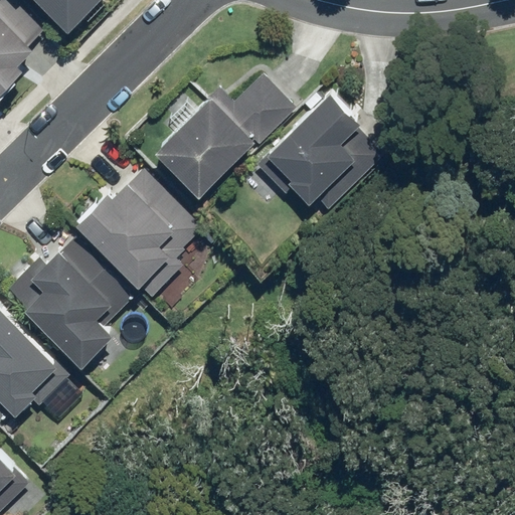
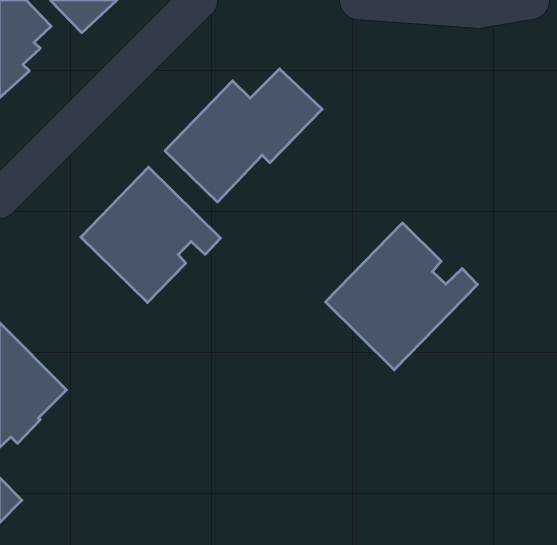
building: [254,92,364,207] -> none
building: none -> [326,223,478,370]
building: [10,234,141,367] -> none

